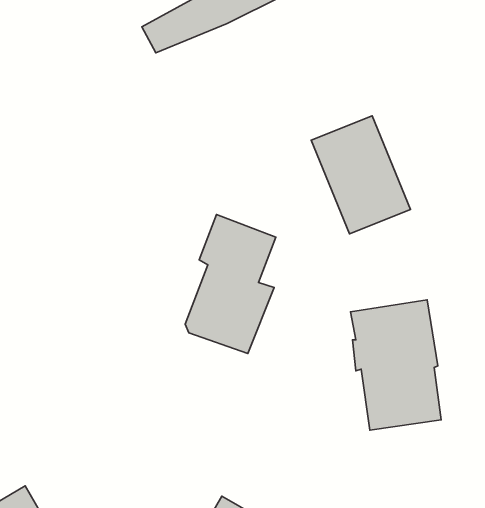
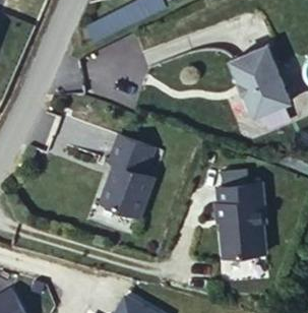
building: [311,116,410,234] -> [223,47,281,116]

